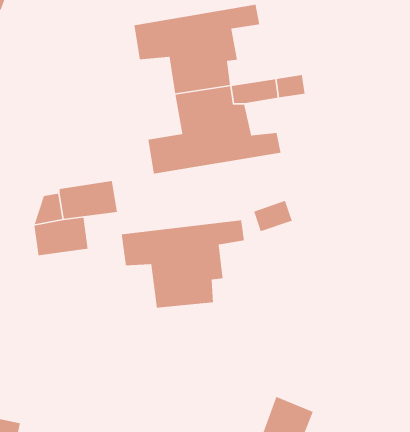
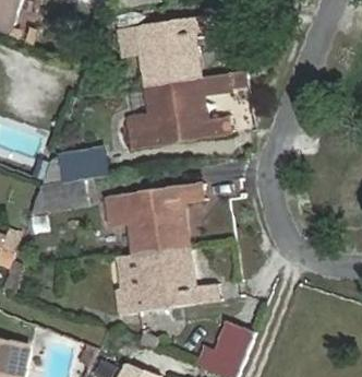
building: none -> [133,250,214,313]

